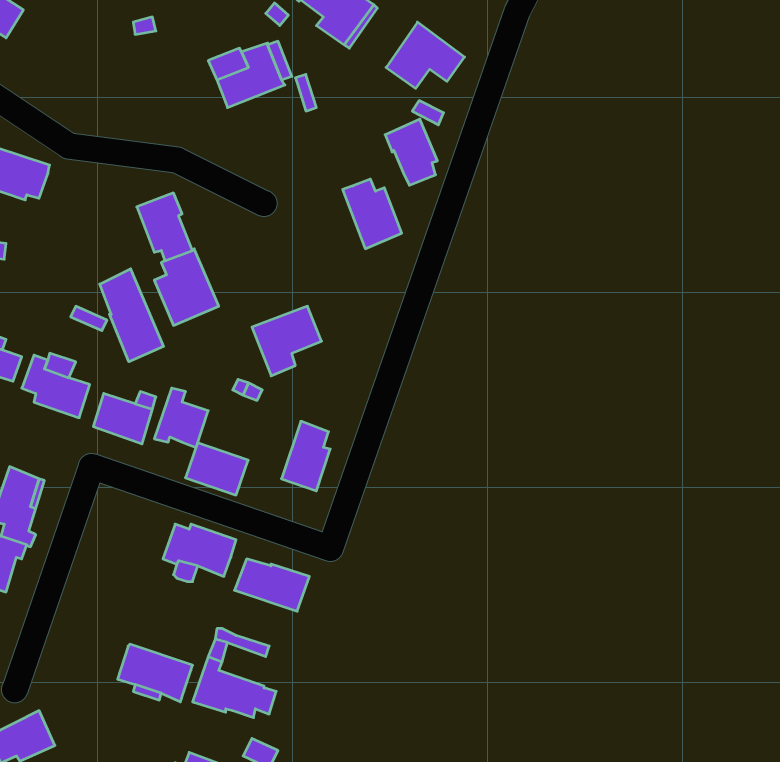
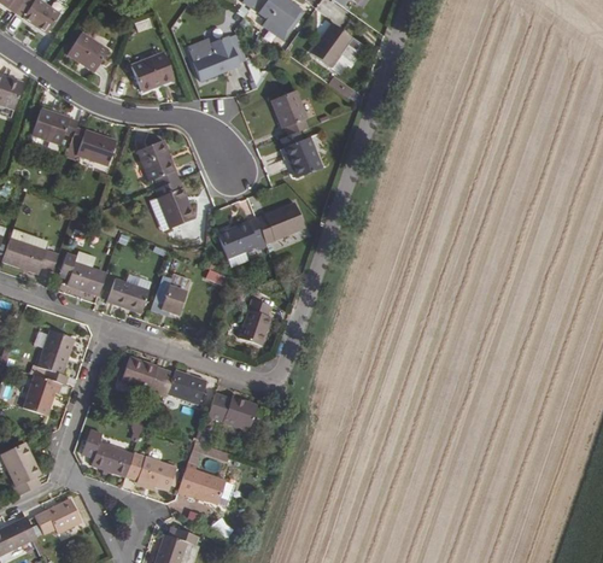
building: none -> [66,31,109,72]
building: none -> [130,52,174,92]
building: [385,119,437,185] -> [270,89,306,135]
building: none -> [65,127,116,165]
building: [100,269,164,362] -> none
building: none -> [256,201,305,244]
building: [185,443,248,495] -> [121,357,164,393]
building: none -> [81,429,131,476]

